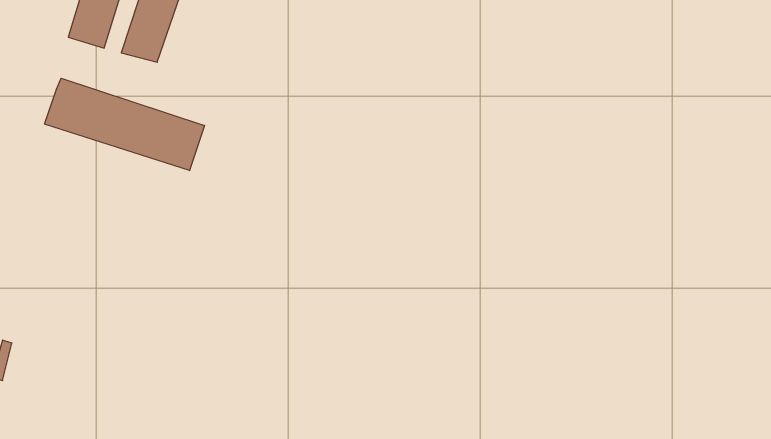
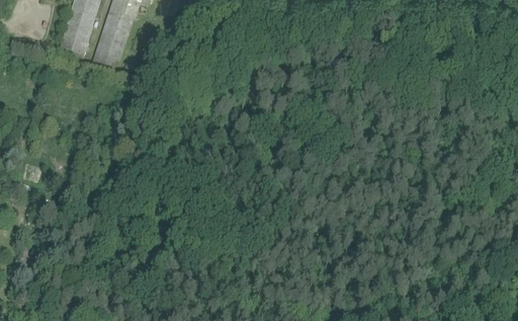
building: [44,78,204,171] -> none

